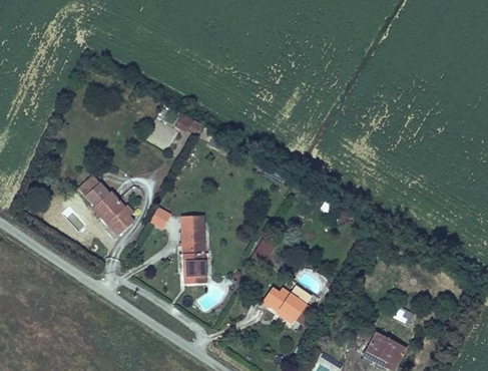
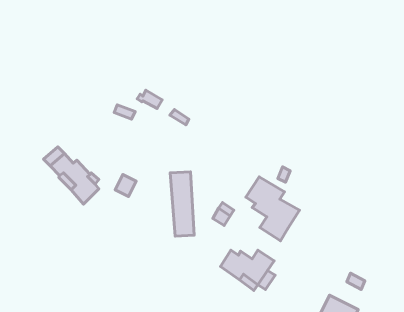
building: none -> [246,177,299,241]
building: [179,217,204,284] -> [170,172,194,236]

